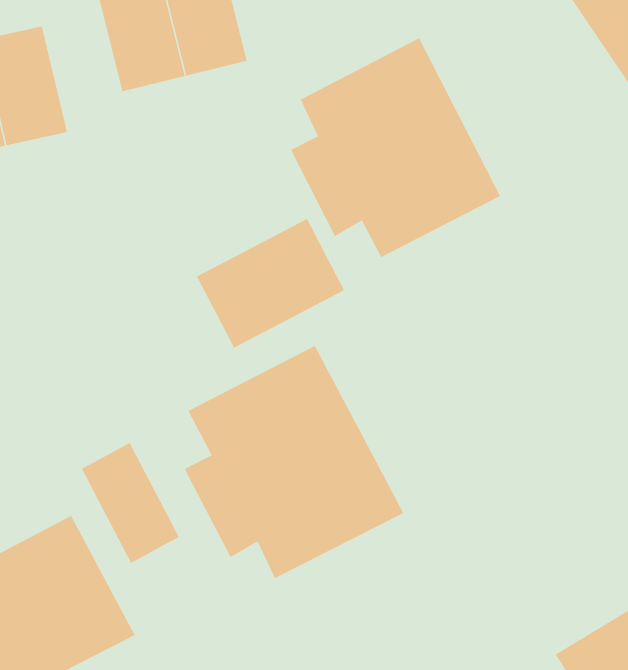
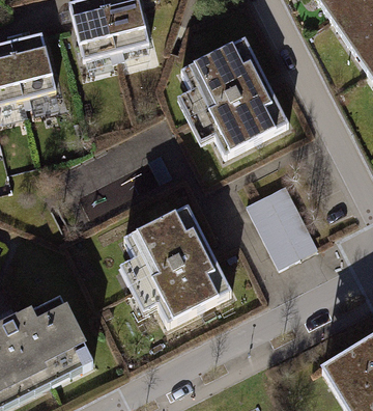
building: [196,218,345,348] -> none
building: none -> [248,174,319,258]
building: [81,442,179,564] -> none

